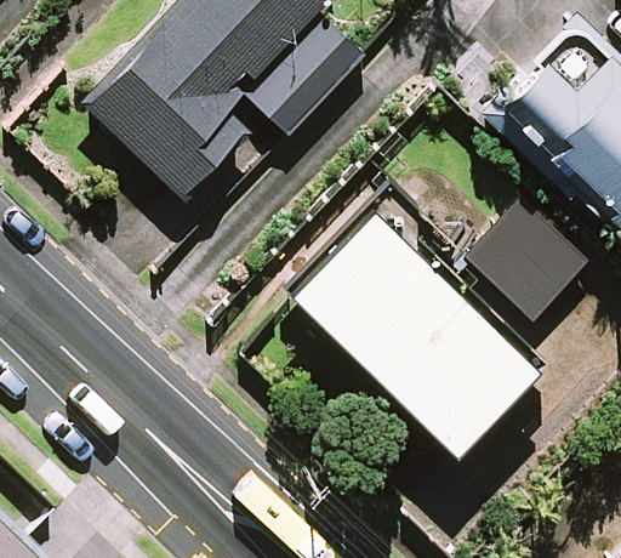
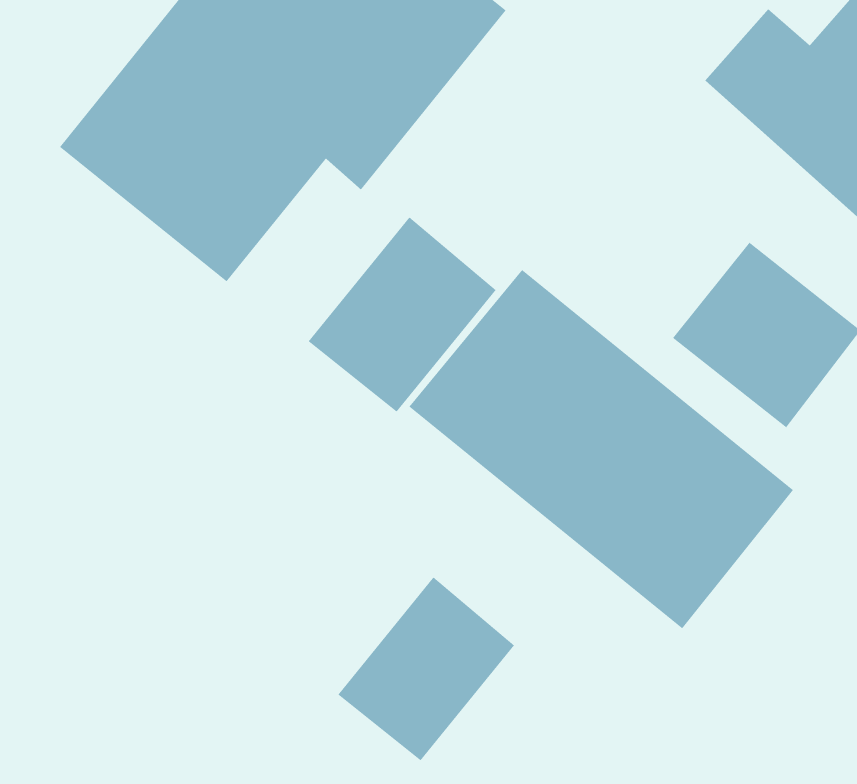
building: none -> [308,216,496,413]
building: none -> [338,576,515,761]

